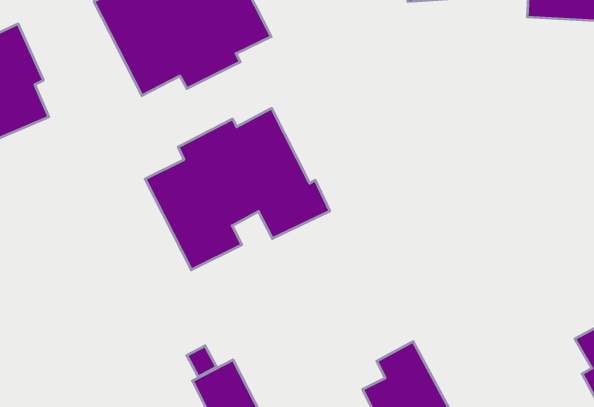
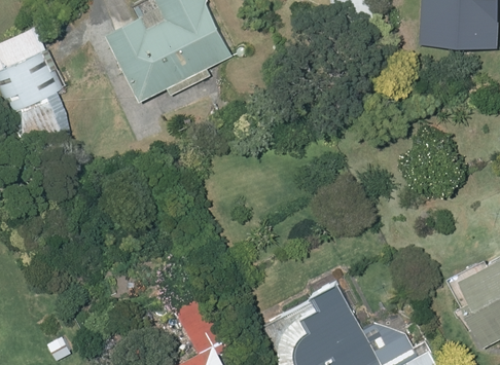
building: [145,108,330,270] -> none

